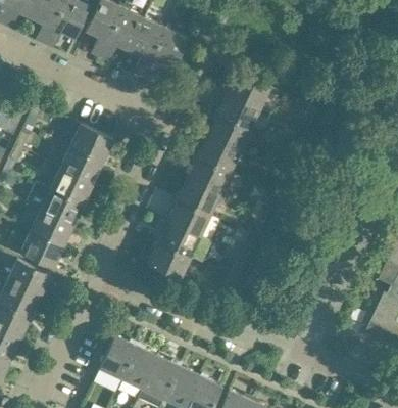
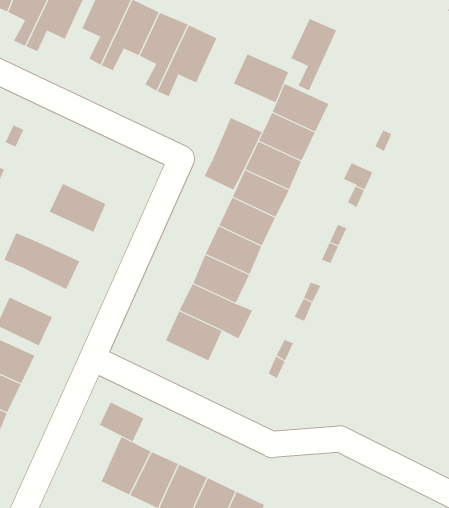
building: none -> [291,18,337,91]
building: none -> [233,54,289,103]
building: none -> [204,117,262,191]
building: [70,124,113,161] -> none
building: [50,167,94,203] -> none
building: [31,209,73,245] -> none
building: none -> [99,402,144,442]

